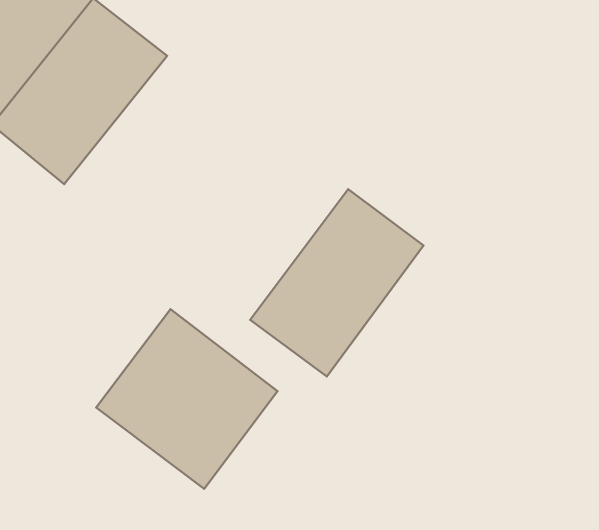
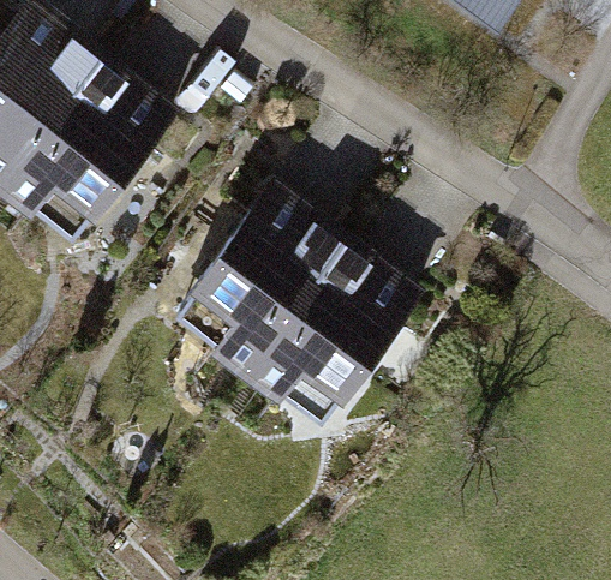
building: none -> [174,184,340,363]
building: [96,309,277,489] -> none

